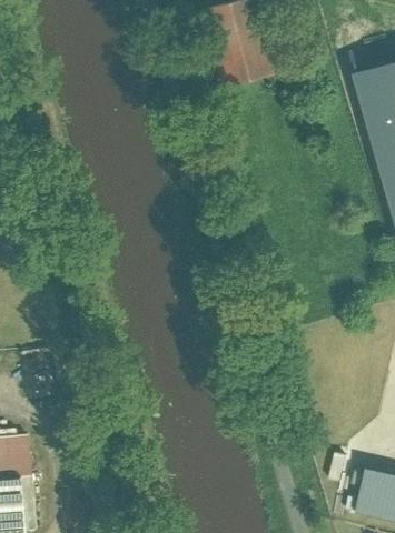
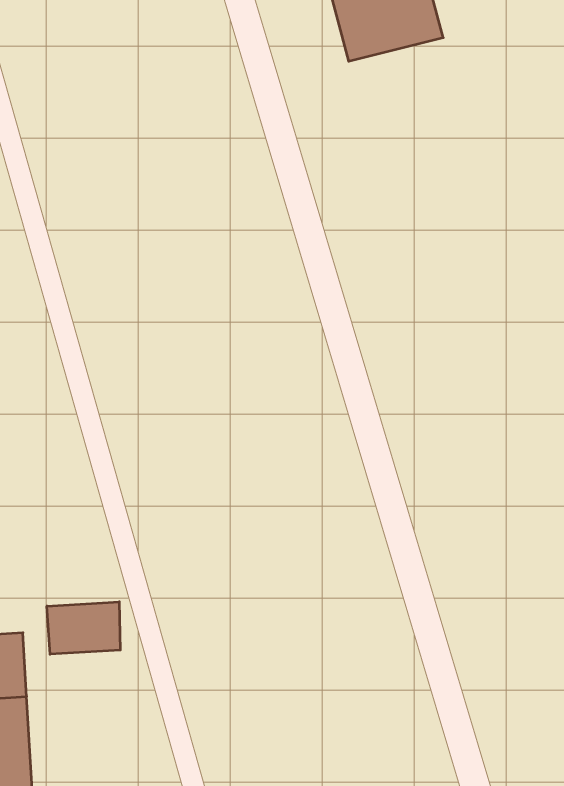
building: none -> [47,602,120,654]

